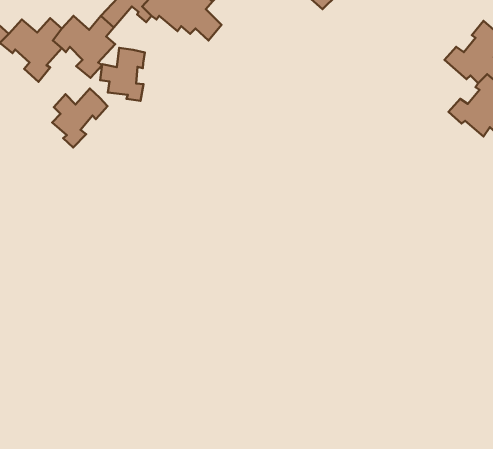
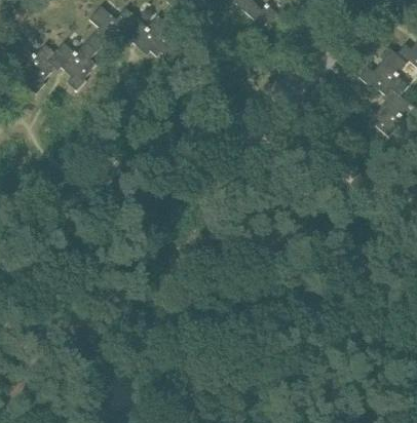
building: [100,48,145,101] -> none
building: [52,89,108,147] -> none

